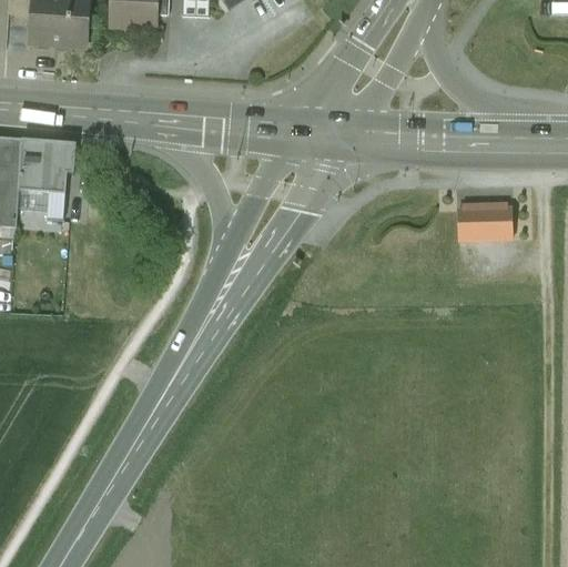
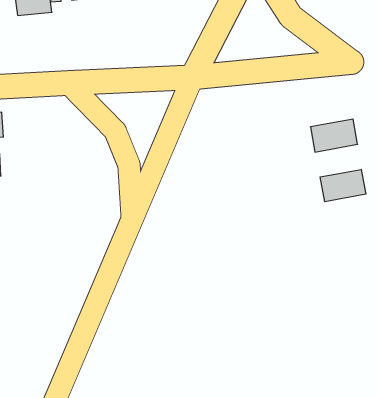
building: none -> [320,169,366,202]

